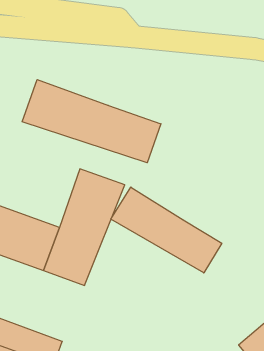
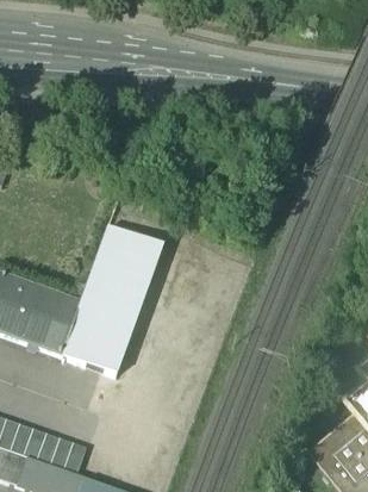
building: [22,80,161,163] -> none
building: [111,187,222,273] -> none

